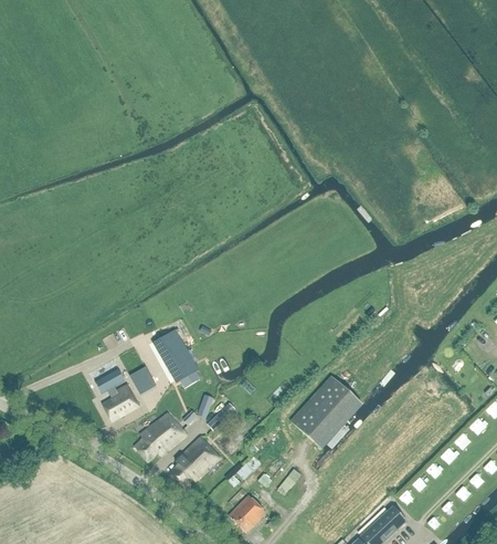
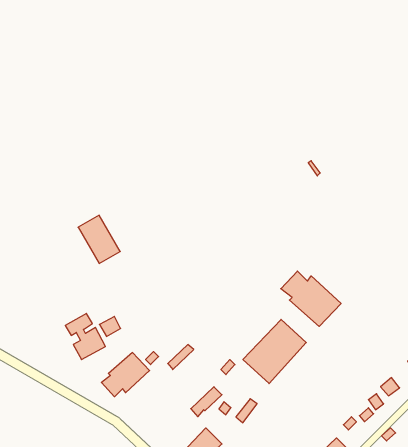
building: none -> [281,271,341,326]
building: [152,328,199,381] -> [78,215,120,263]
building: [169,437,220,487] -> none

